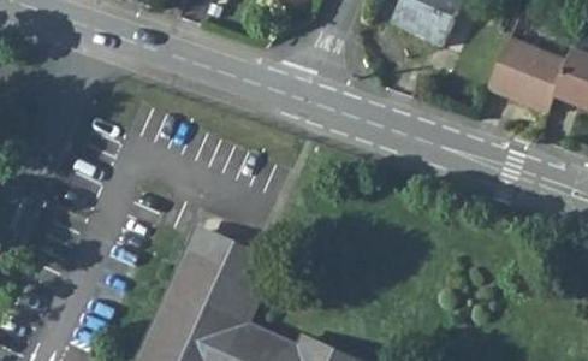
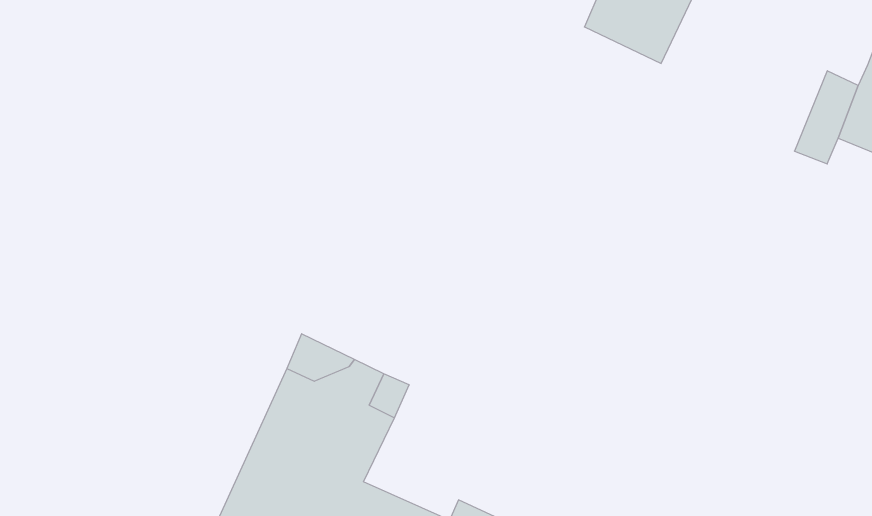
building: [487,36,550,105] -> none

